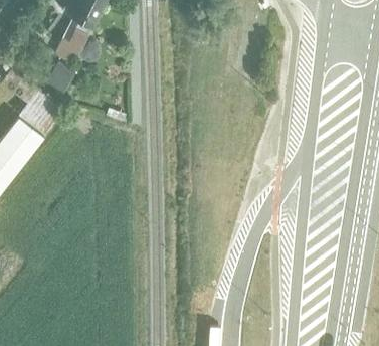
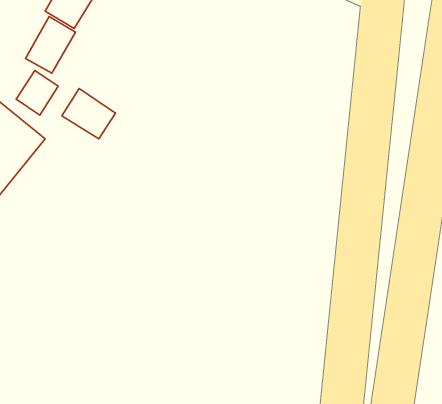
building: none -> [62,89,116,139]

